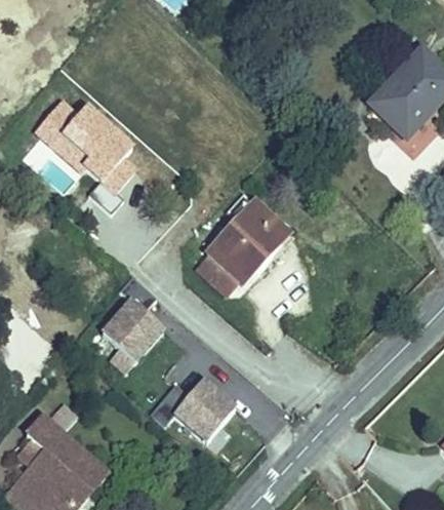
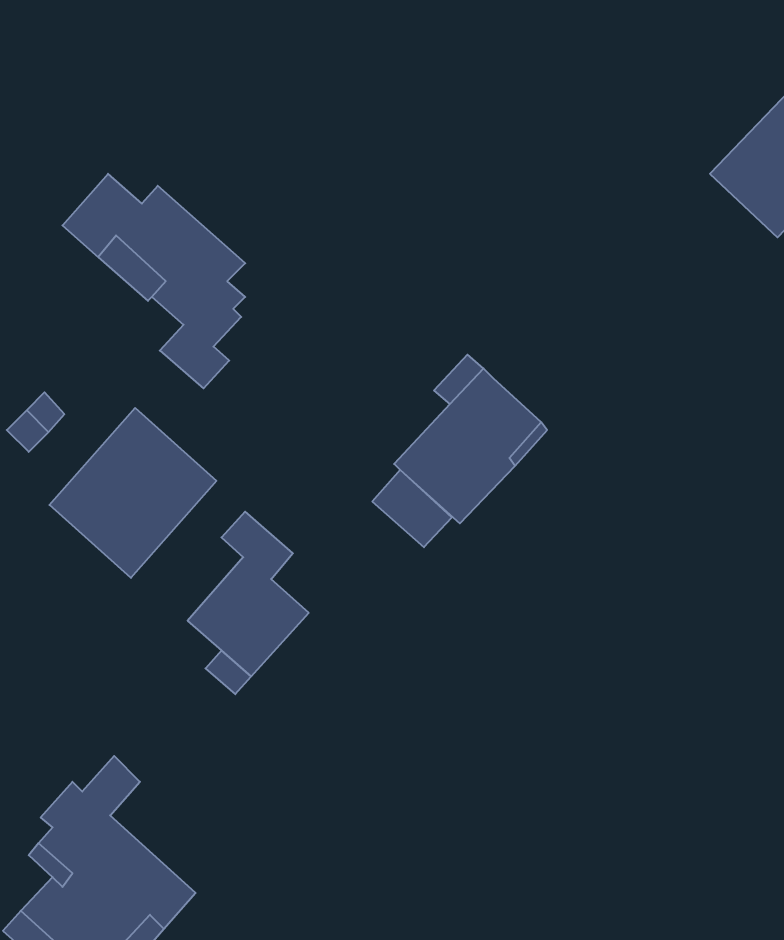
building: none -> [49,408,216,578]
building: [150,379,236,441] -> none

